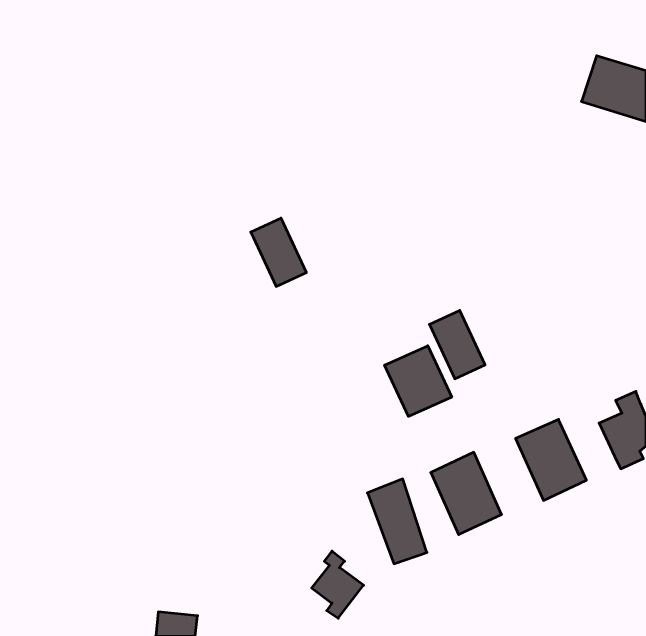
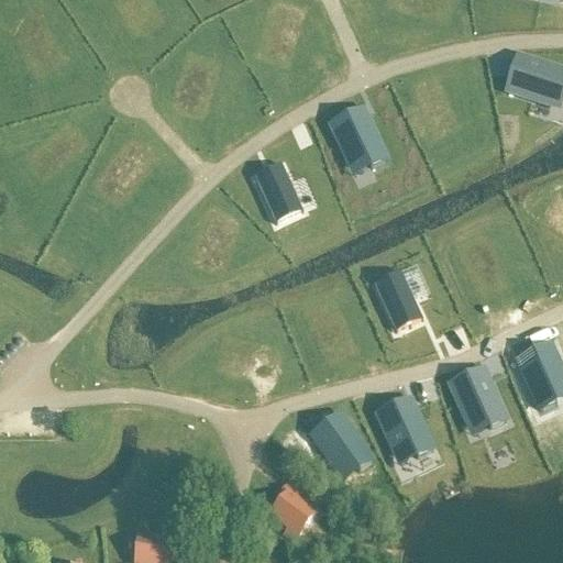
building: none -> [327,101,388,172]
building: [251,218,306,286] -> [254,162,302,221]
building: [385,346,452,416] -> none

